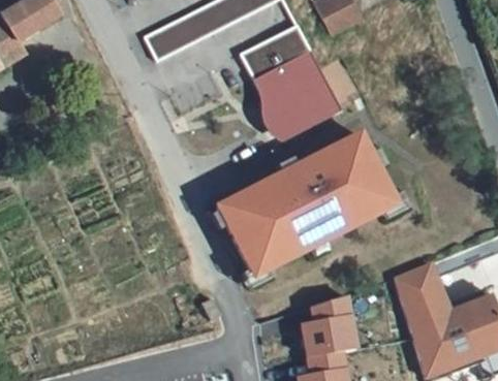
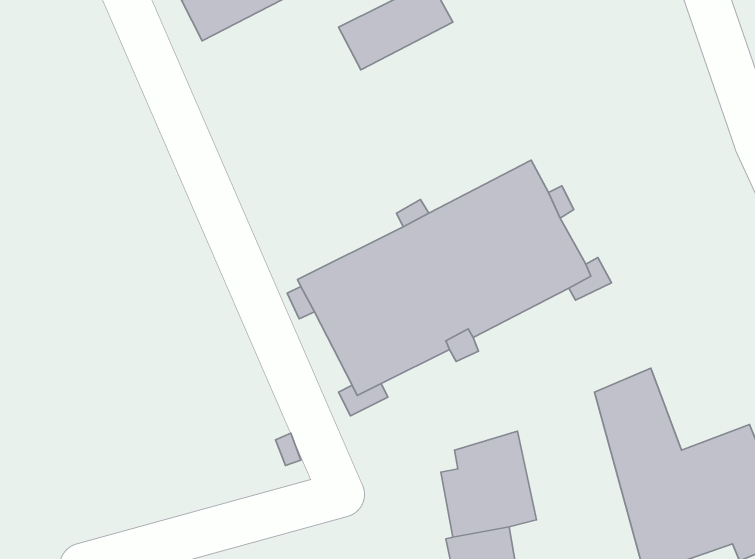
building: [253,50,342,138] -> none

